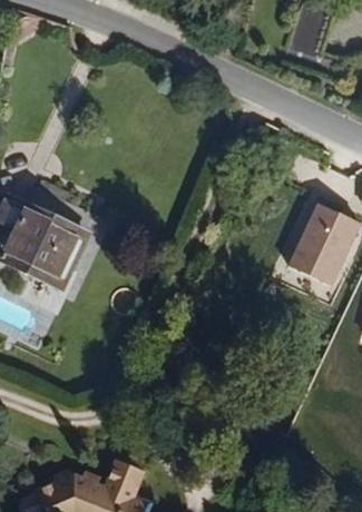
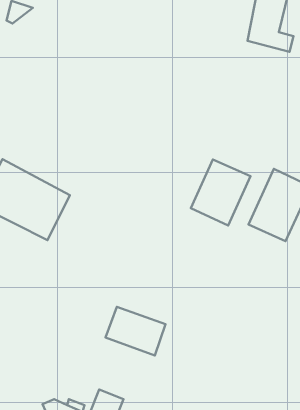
building: none -> [191,159,251,226]
building: none -> [105,307,166,355]

